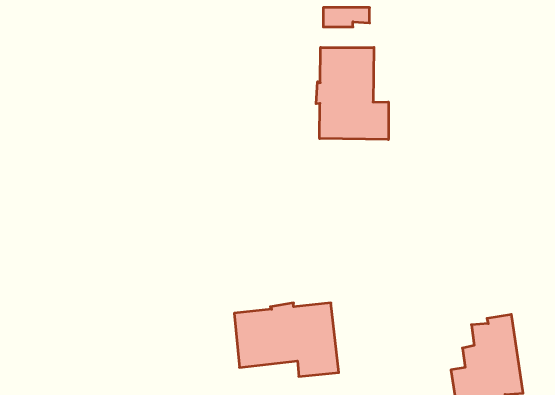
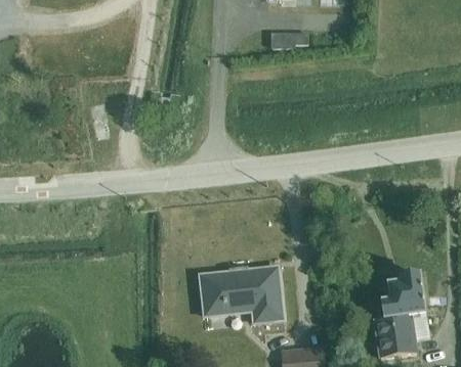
building: [316,47,388,140] -> none

